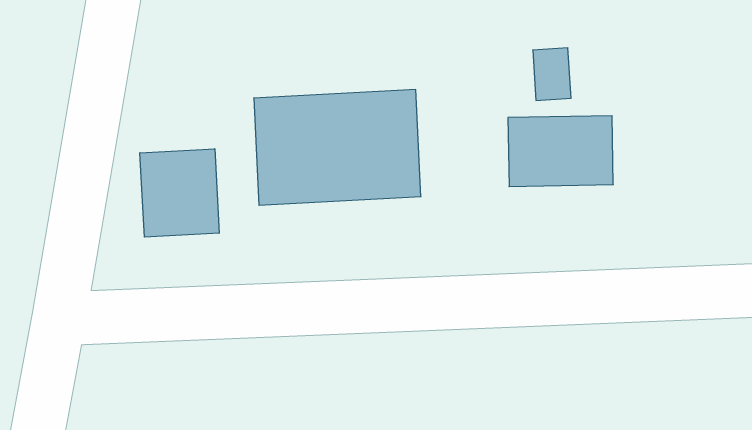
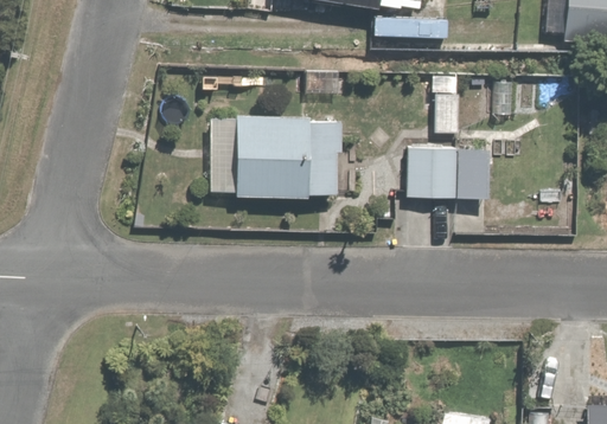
building: [140,149,219,237] -> none

